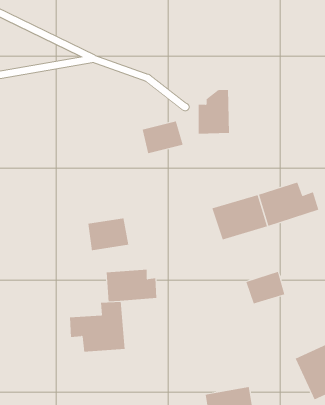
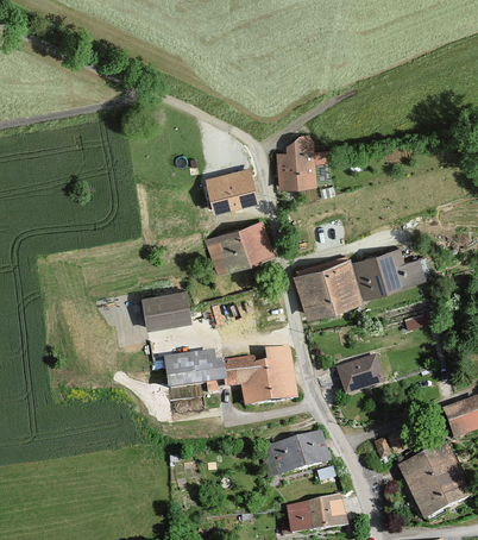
building: none -> [207,220,276,275]
building: [69,302,125,352] -> [227,345,296,407]
building: none -> [270,432,332,478]

